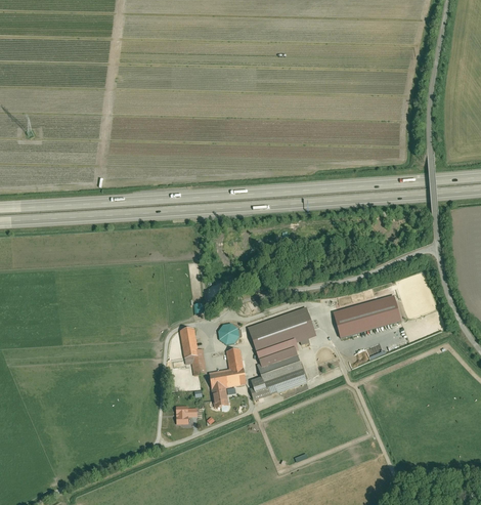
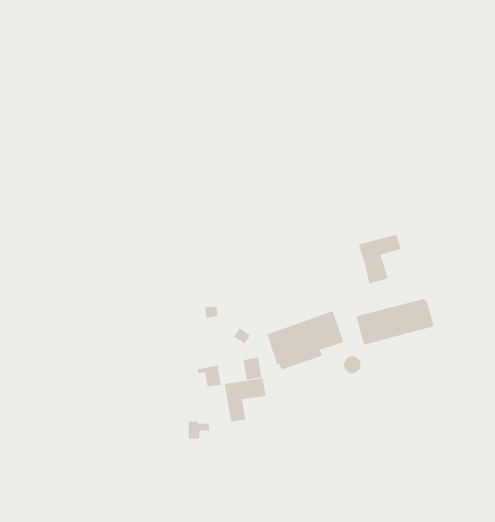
building: none -> [358,234,401,284]
building: [180,326,200,359] -> none
building: [250,349,309,401] -> none

